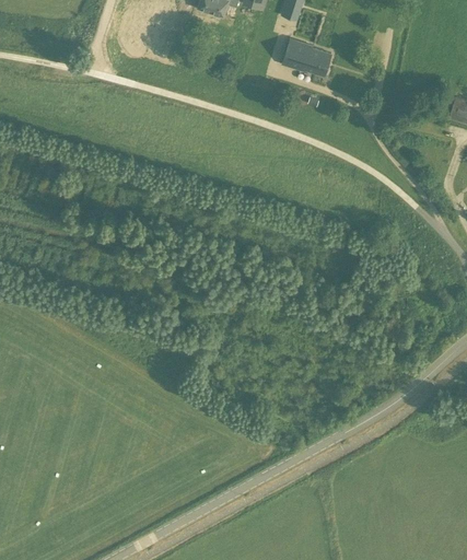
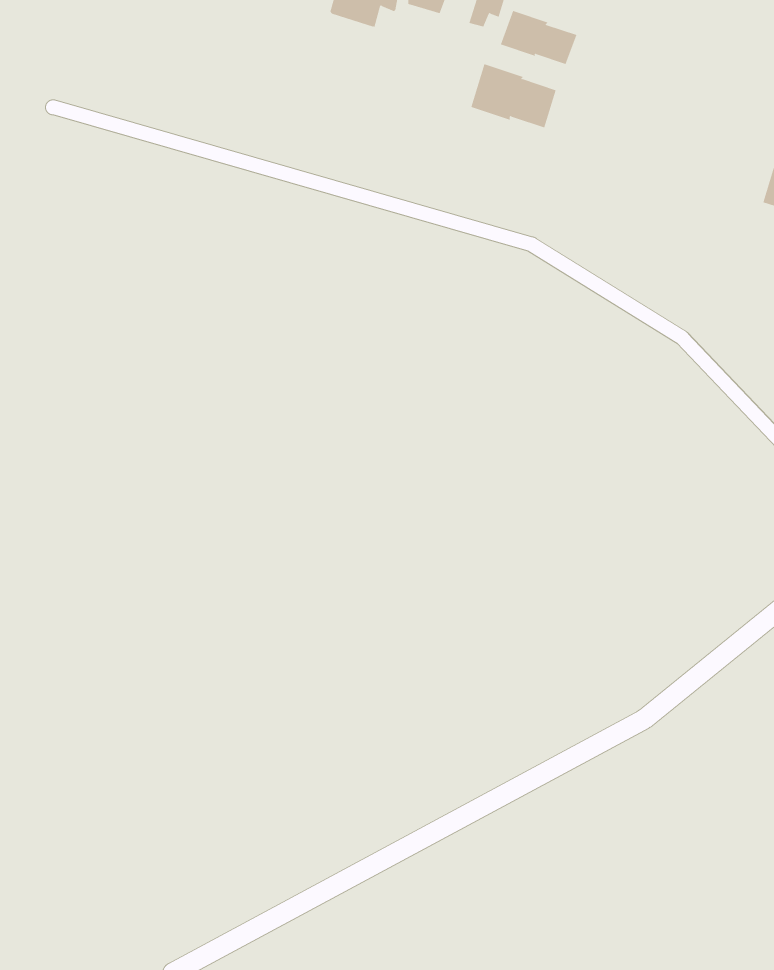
building: none -> [500,10,577,65]

